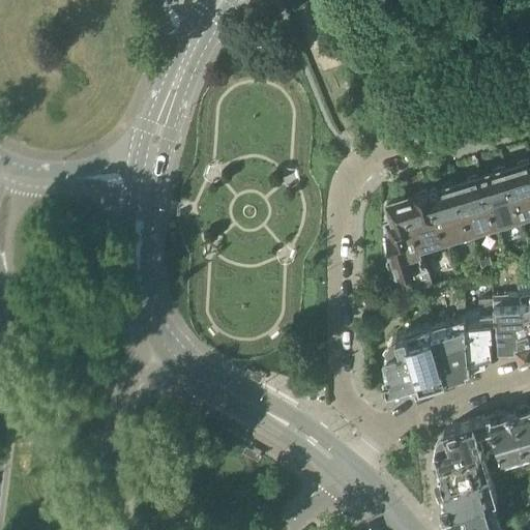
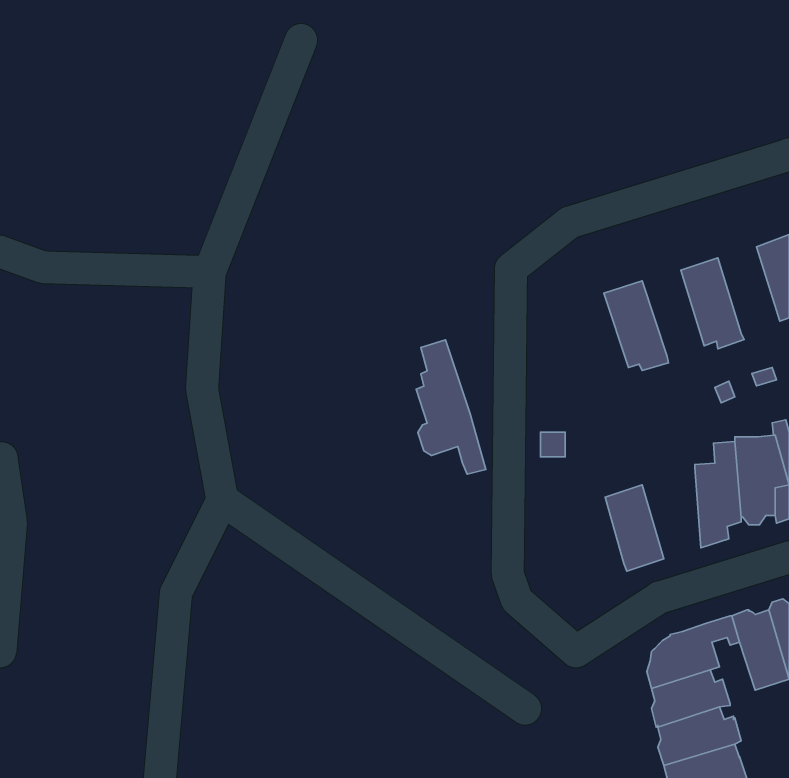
building: [481,173,525,233] -> none
building: [431,188,473,248] -> none
building: [385,204,432,294] -> [416,340,486,474]
building: [431,321,470,382] -> none
building: [386,341,418,393] -> none

